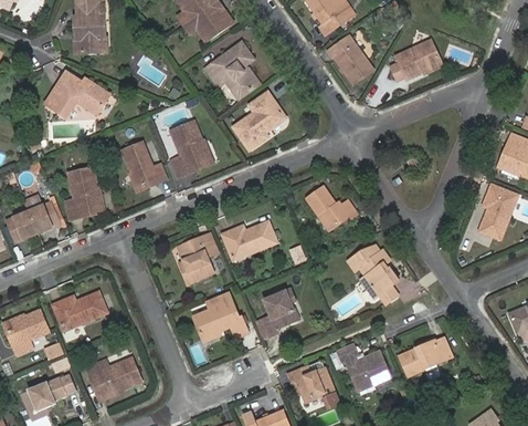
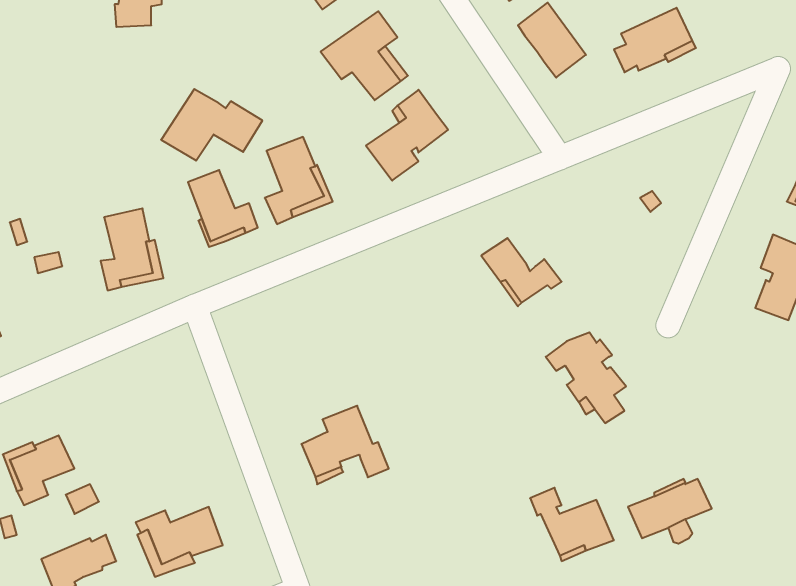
building: [44,71,108,116] -> [161,89,262,161]
building: [7,202,59,242] -> none
building: [222,221,276,261] -> none
building: [178,233,217,283] -> none
building: [263,289,296,334] -> none
building: [52,292,107,331] -> none
building: [286,366,335,401] -> none

